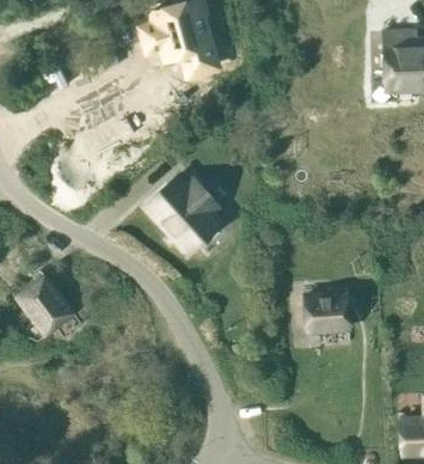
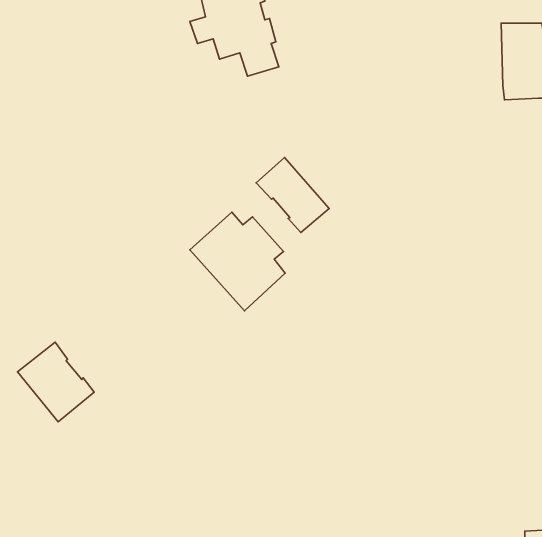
building: none -> [256,158,329,232]
building: [306,286,351,329] -> none

